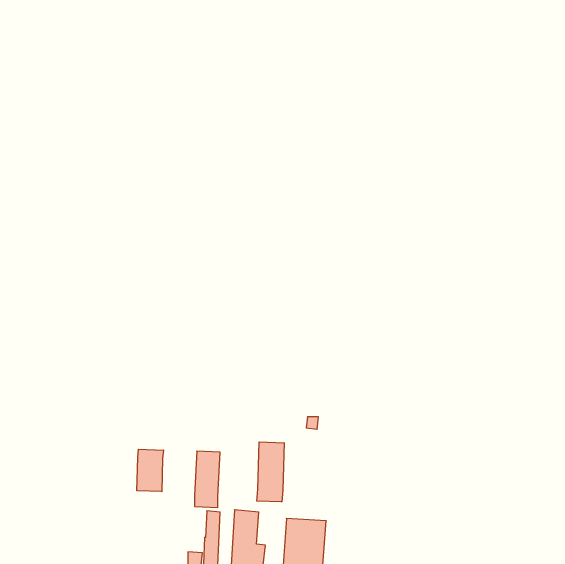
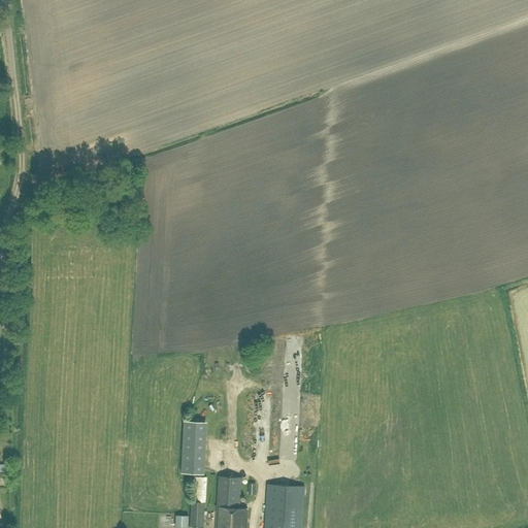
building: [257,442,284,502] -> none
building: [137,449,163,492] -> none

